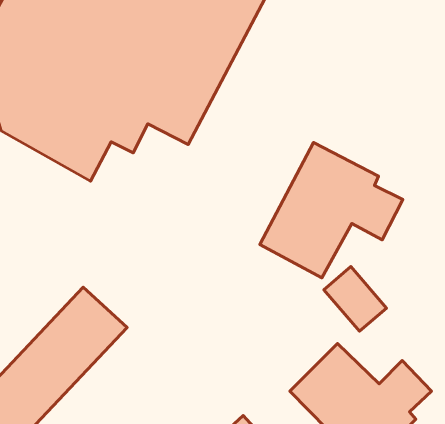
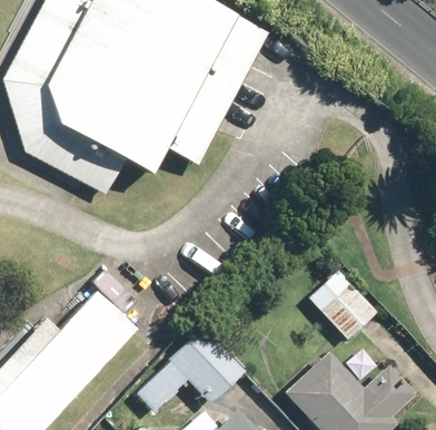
building: [260,142,403,278] -> none
building: none -> [140,332,242,408]

